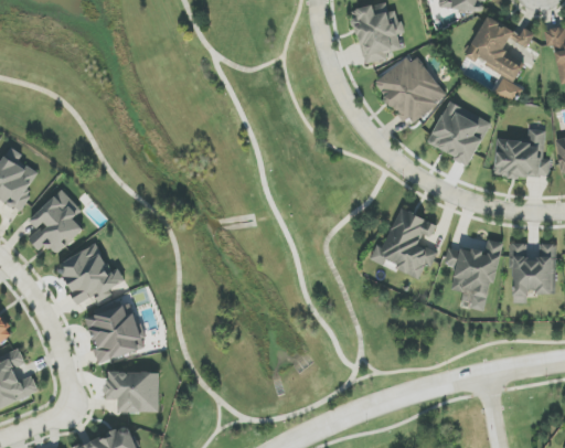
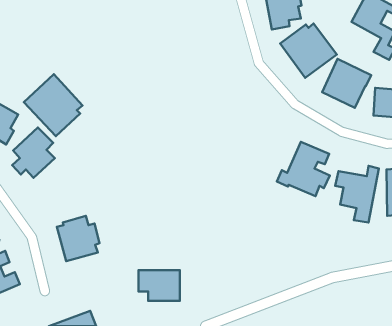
building: none -> [24,74,82,136]
building: [55,243,124,303] -> none
building: [105,371,158,410] -> [139,270,180,301]

